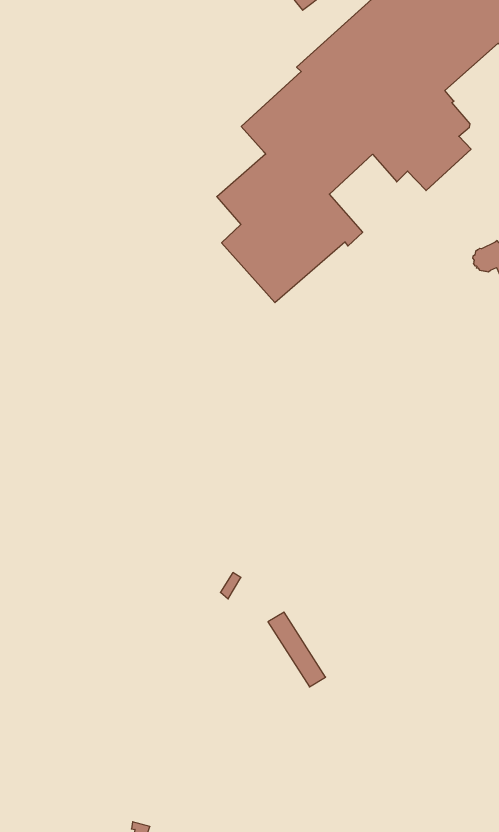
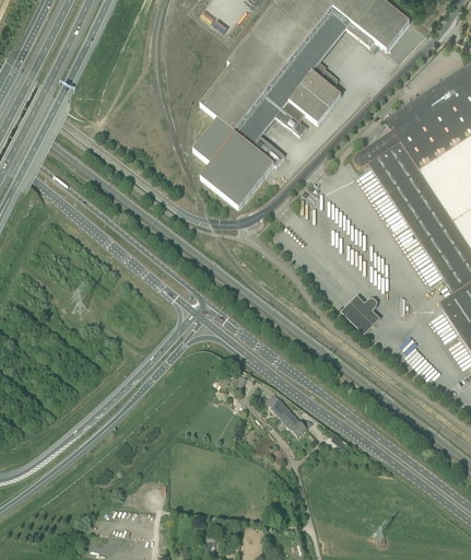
building: none -> [343,295,379,331]

